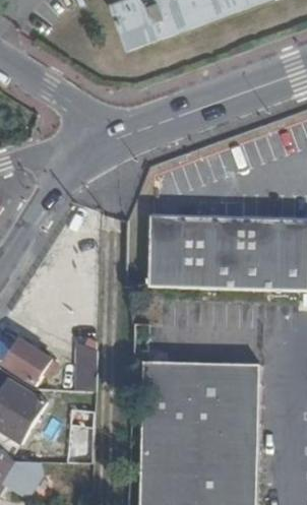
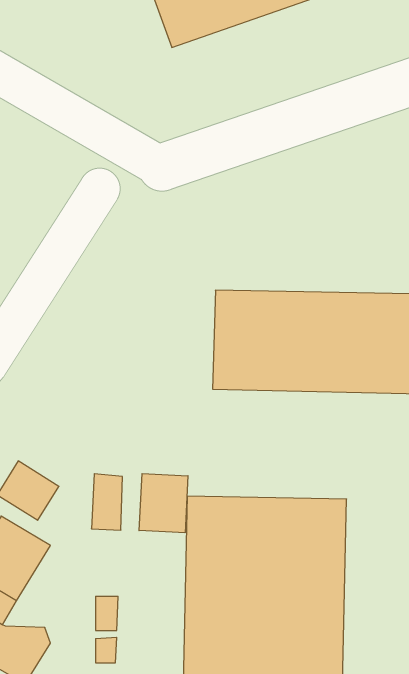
building: none -> [139,474,188,533]

